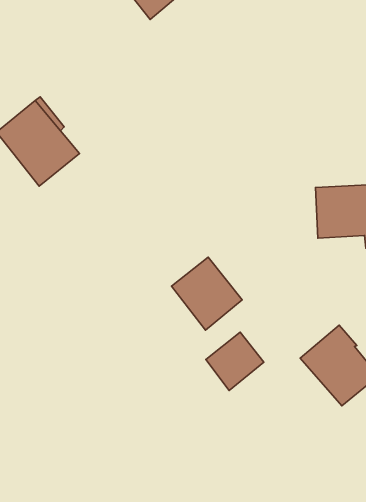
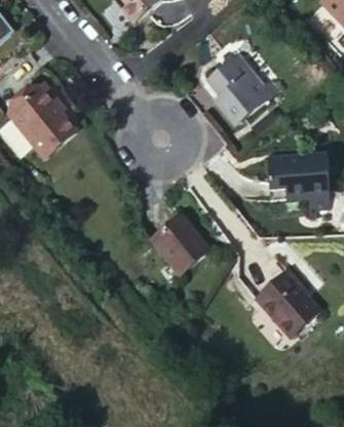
building: none -> [207,48,279,123]
building: [206,332,264,390] -> none

